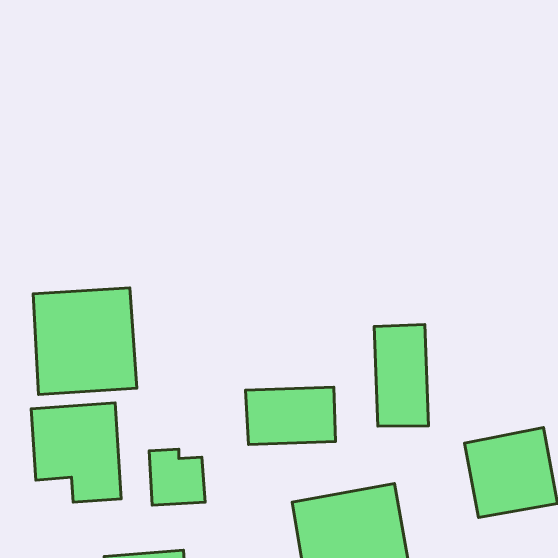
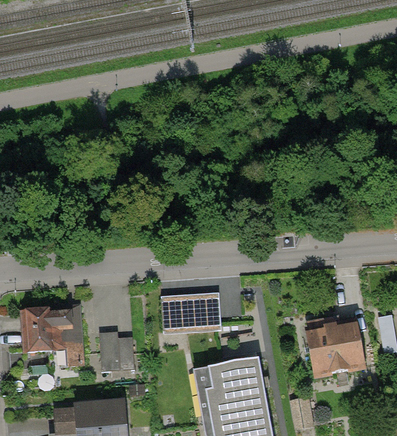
building: [33,288,137,395] -> none
building: [374,324,429,426] -> none

